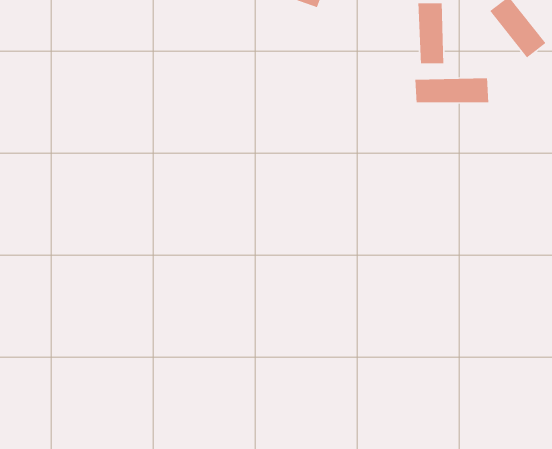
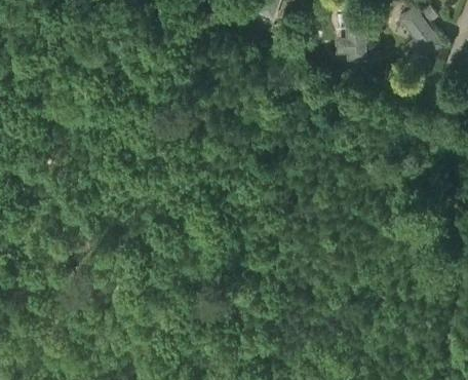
building: [415,77,489,103] -> none

